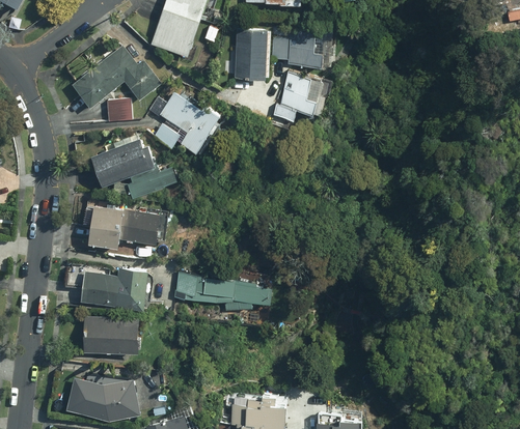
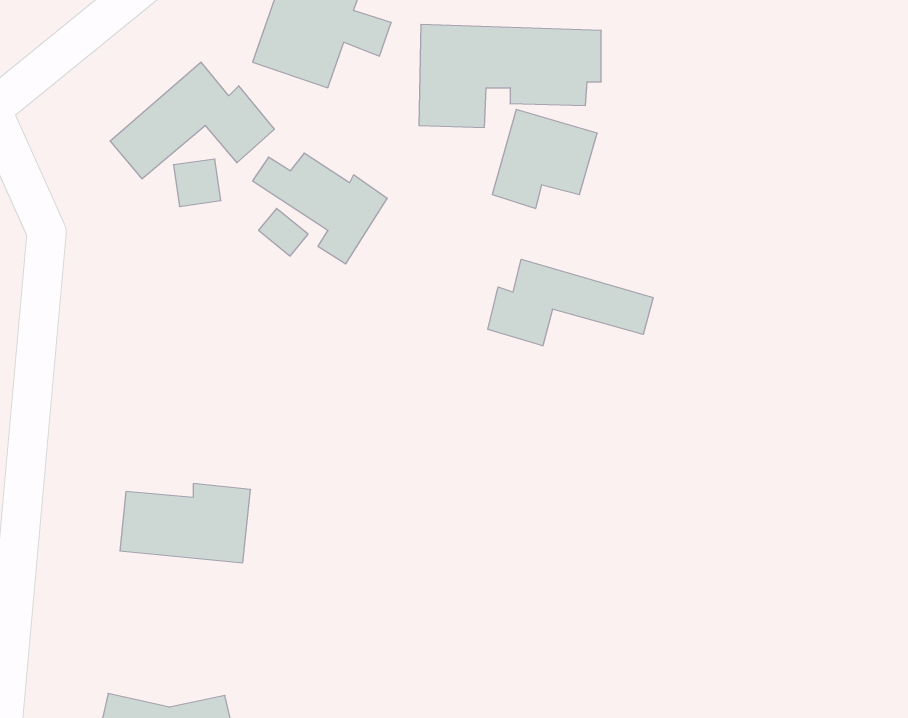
building: [89,138,174,199] -> none
building: none -> [488,259,653,346]
building: [90,207,160,247] -> none
building: [174,270,275,309] -> none
building: [82,315,142,355] -> none

